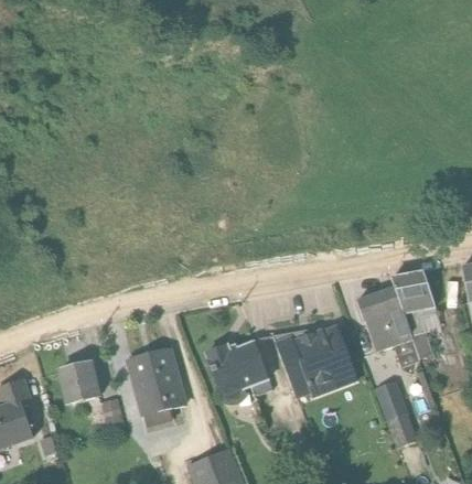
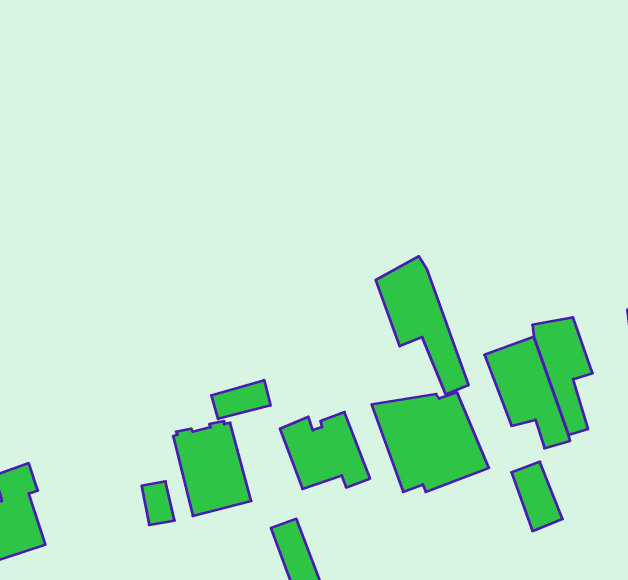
building: none -> [376,256,468,394]
building: none -> [211,380,270,419]
building: [57,363,99,406] -> none

